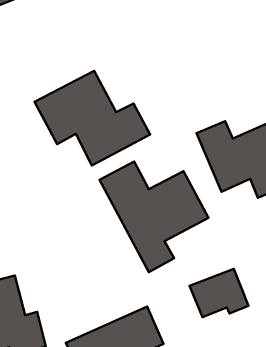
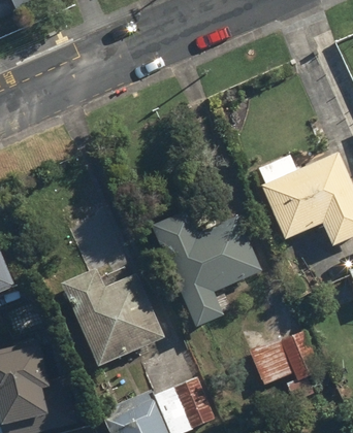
building: [34,71,150,165] -> none
building: none -> [61,270,166,367]

